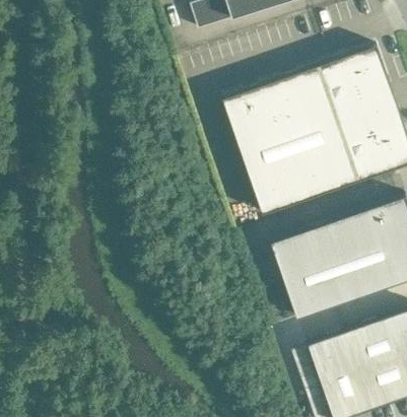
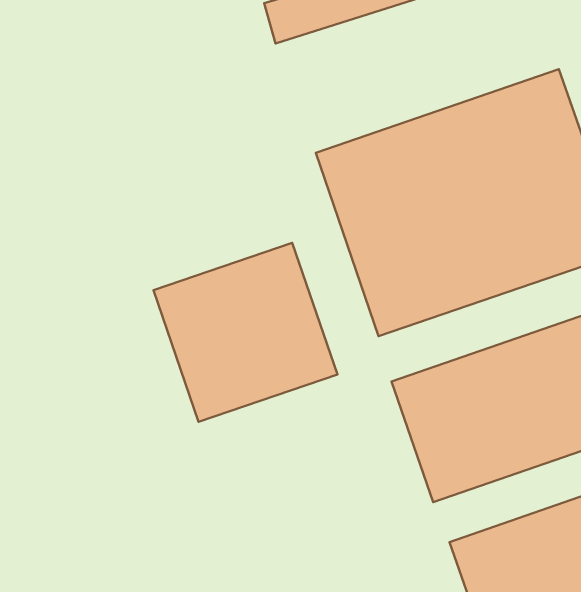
building: none -> [153,243,337,422]

